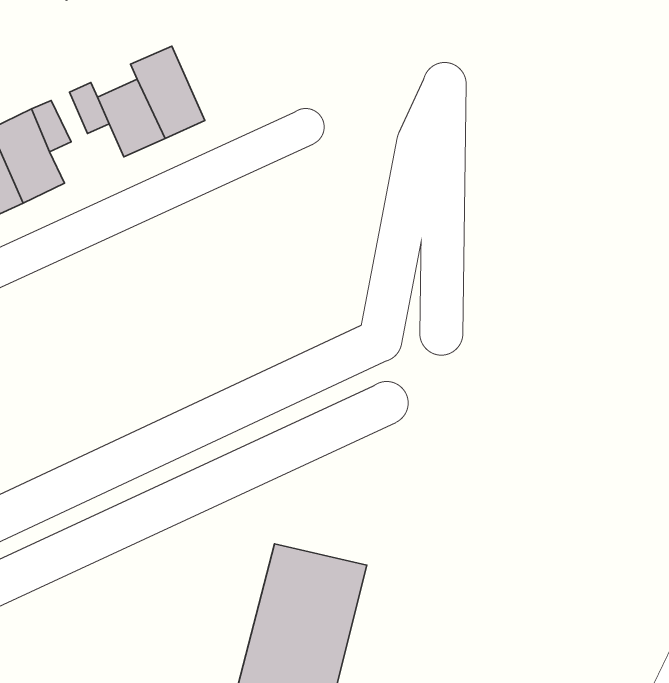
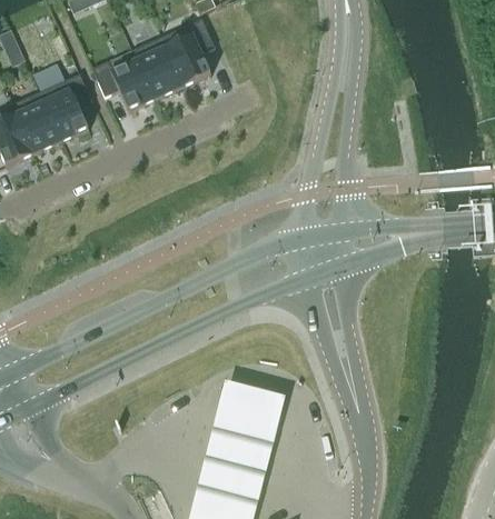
building: none -> [157,20,210,89]

